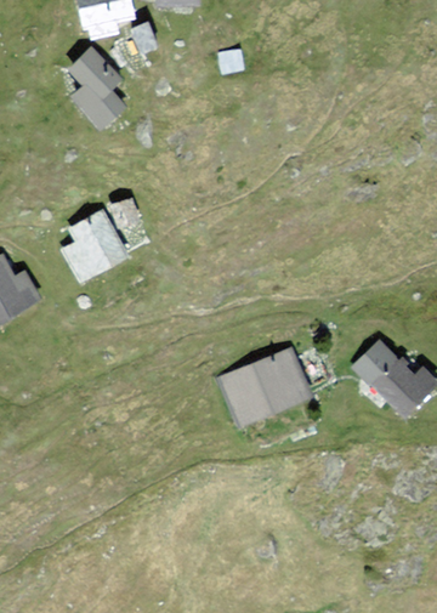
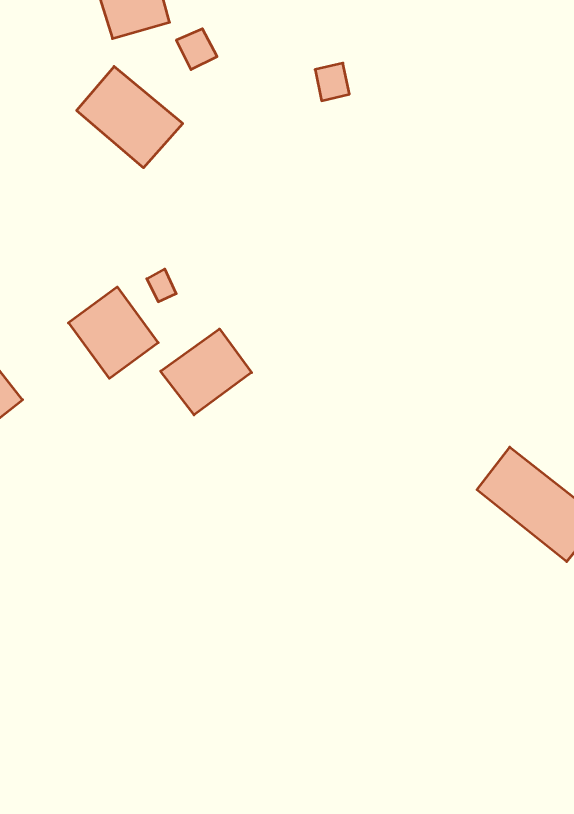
building: none -> [161,329,252,415]
building: [232,348,317,425] -> none

